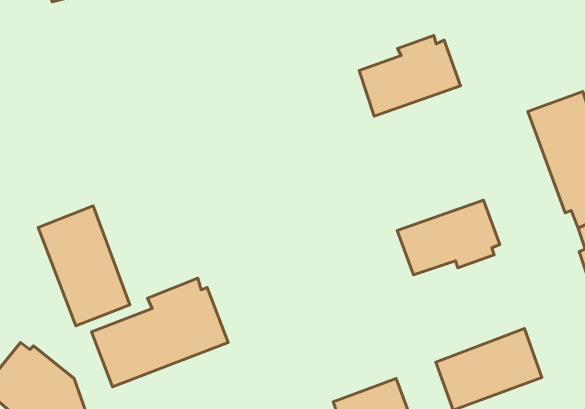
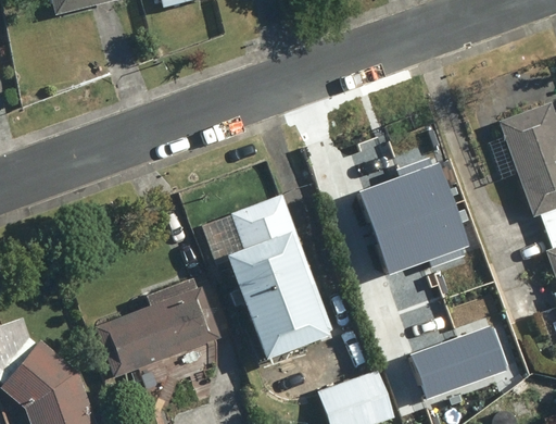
building: [359,36,461,116] -> [364,157,458,232]
building: none -> [212,194,331,358]
building: [38,206,130,326] -> none

